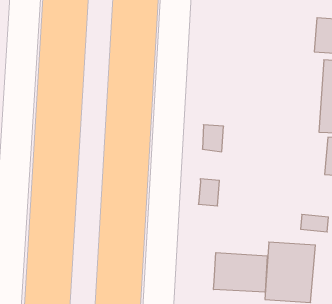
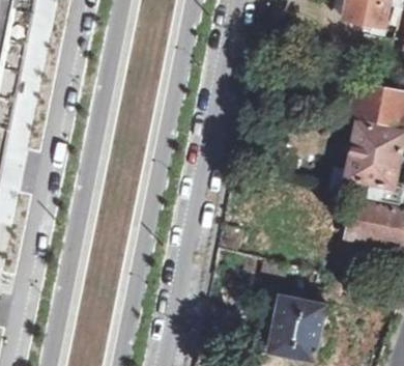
building: [214,253,267,292] -> none

